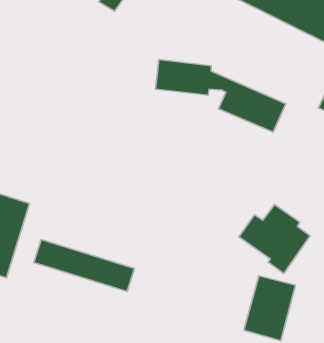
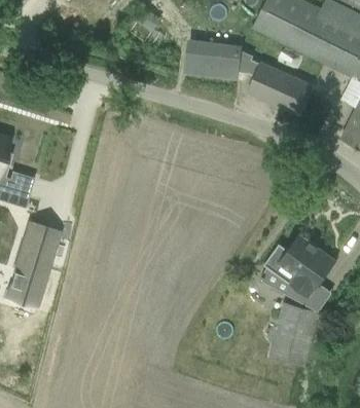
building: [156,60,286,132] -> [186,43,314,114]
building: [34,239,134,292] -> none

